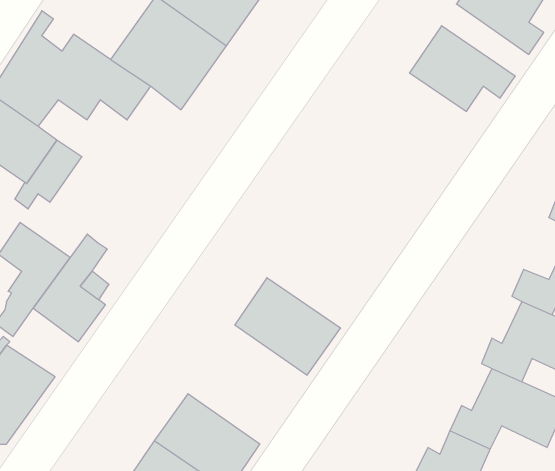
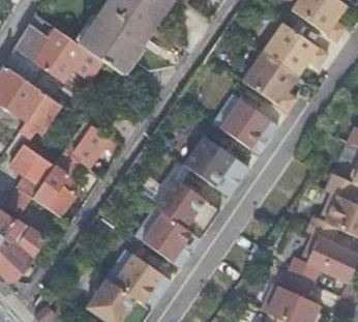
building: none -> [242,51,298,111]
building: none -> [213,93,278,153]
building: none -> [64,120,117,167]
building: none -> [184,136,249,196]
building: none -> [135,206,200,266]

